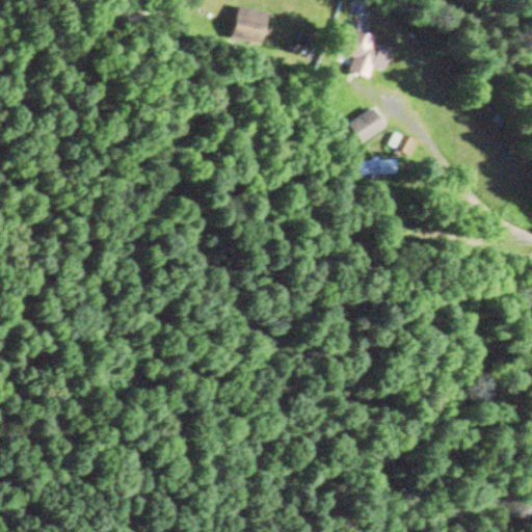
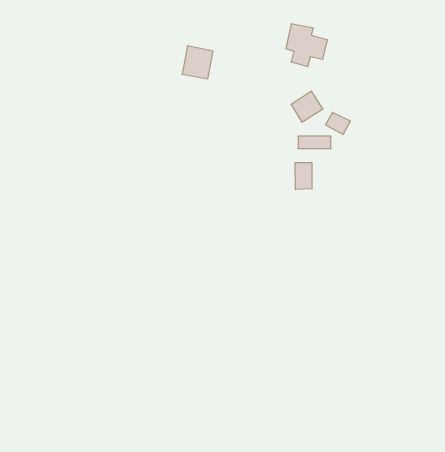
building: [232,5,268,44] -> [182,46,213,79]
building: none -> [295,163,312,190]

